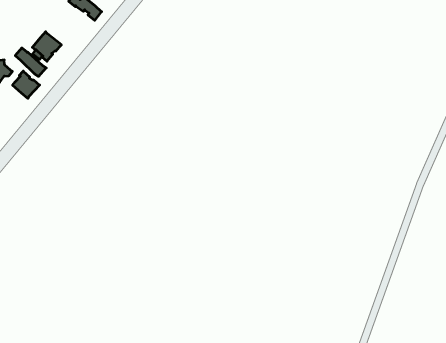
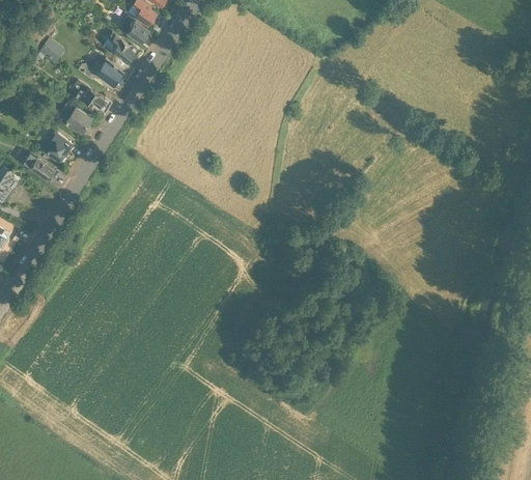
building: none -> [64,106,91,133]
building: [13,71,40,98] -> none

